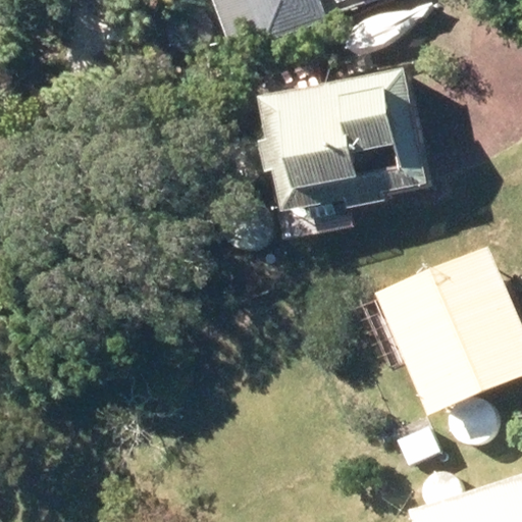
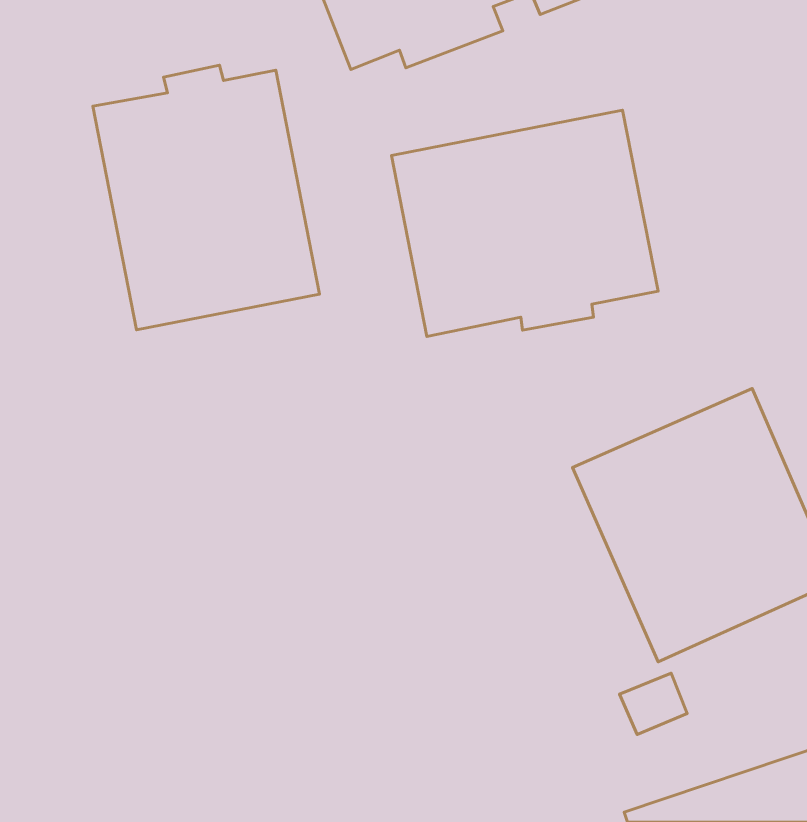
building: none -> [93,65,320,330]

